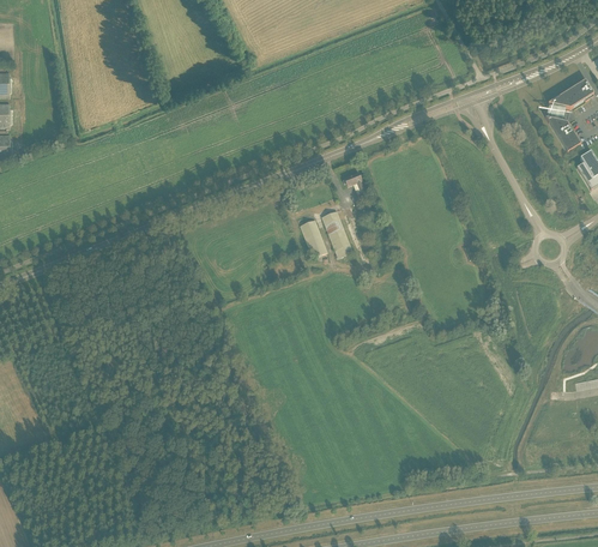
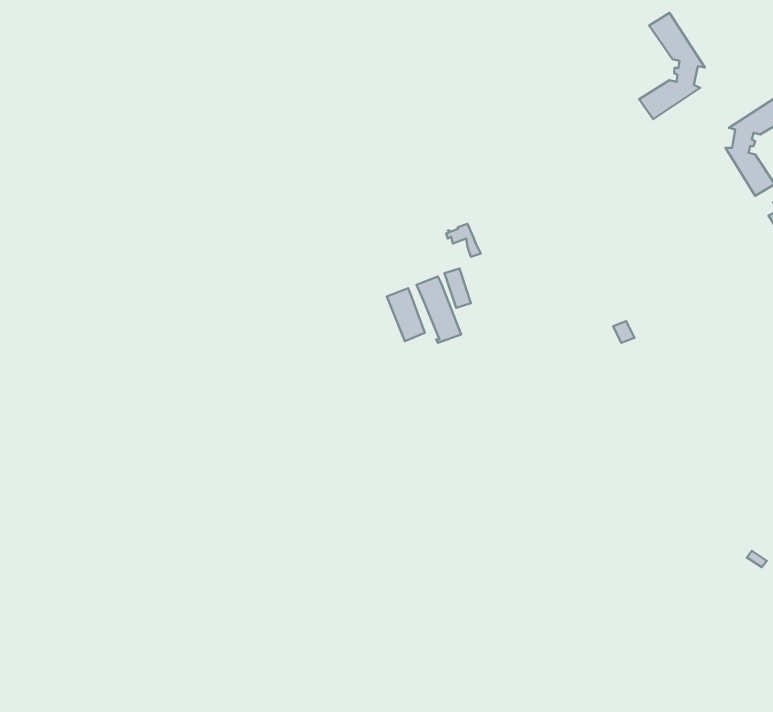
building: none -> [639,13,705,119]

